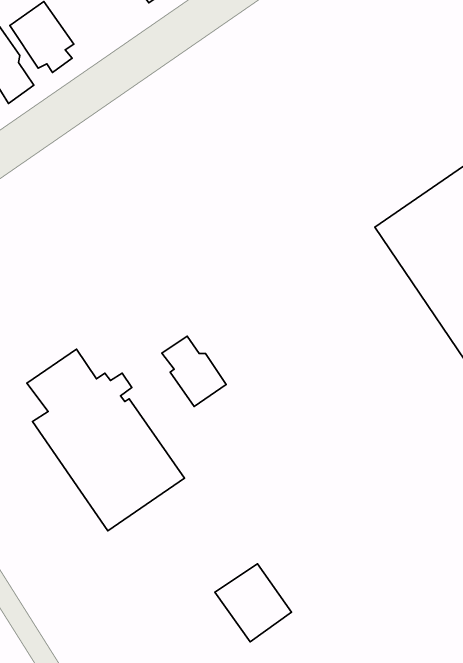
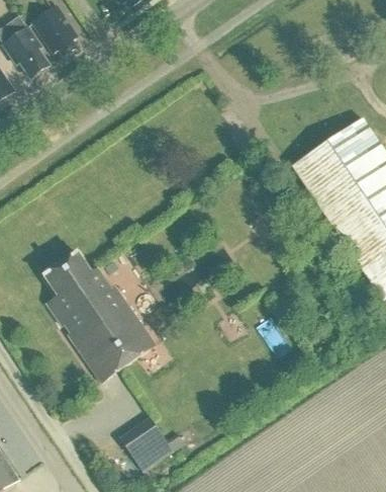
building: [162,336,226,406] -> none
building: [215,564,292,642] -> [119,414,174,470]

